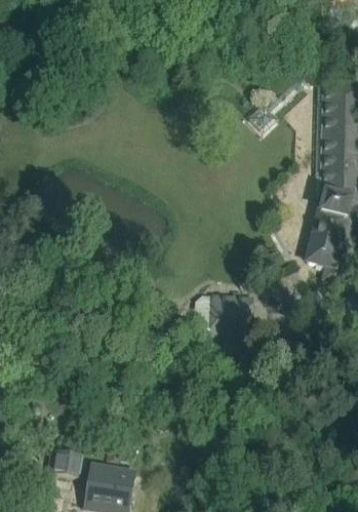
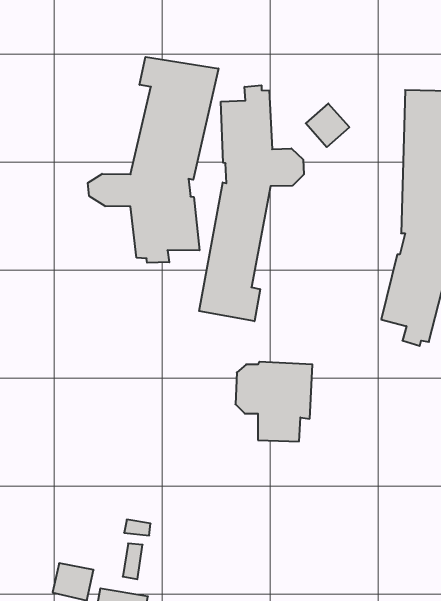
building: none -> [88,57,218,263]
building: none -> [199,85,304,321]

